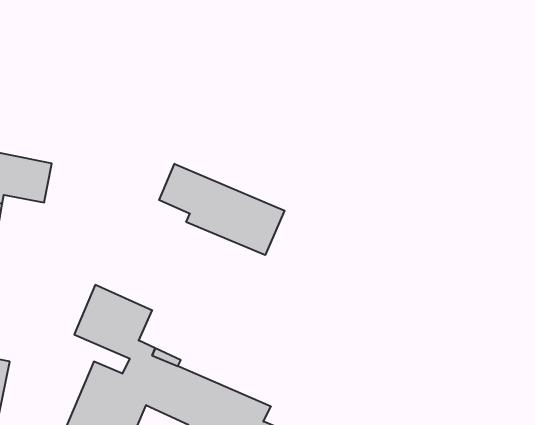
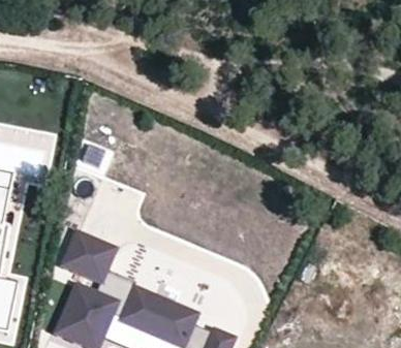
building: [159,164,285,255] -> none

